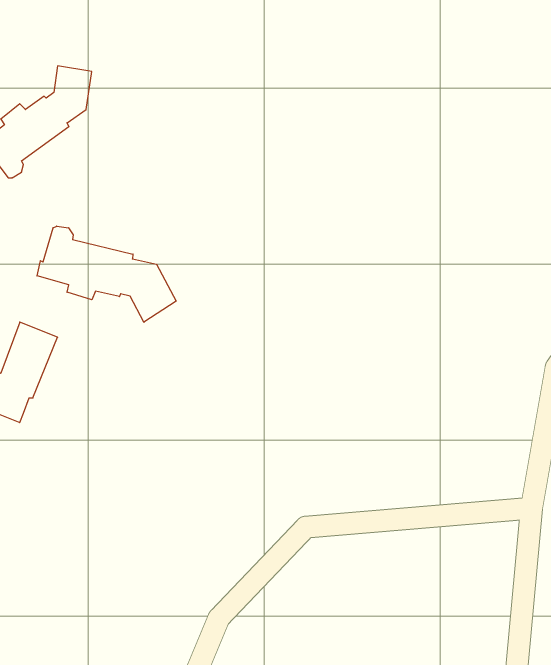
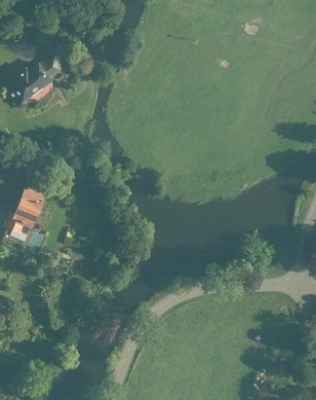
building: [37,226,176,322] -> none

